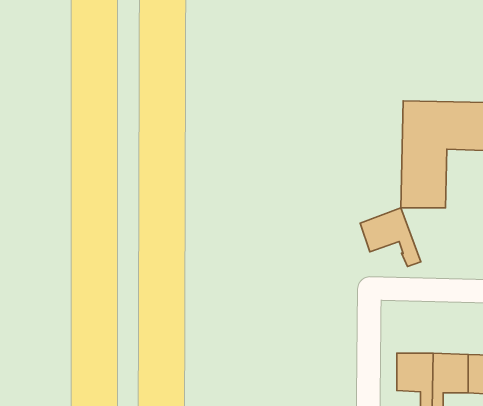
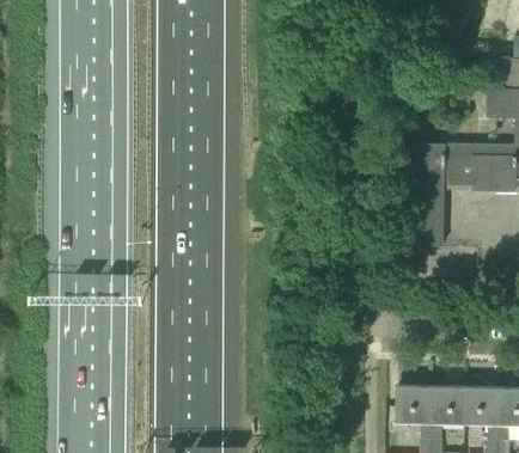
building: [360,208,421,266] -> none

